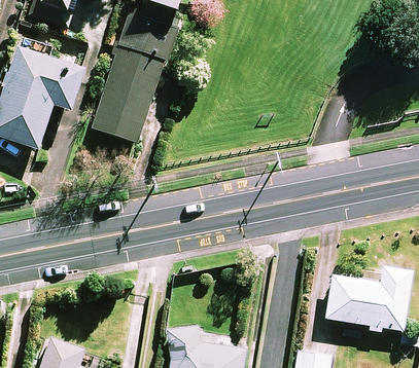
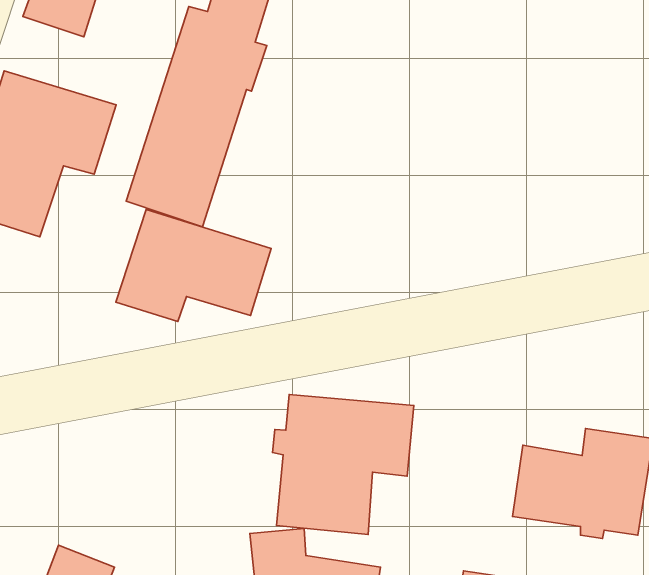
building: none -> [116,209,271,321]
building: none -> [273,395,414,535]

